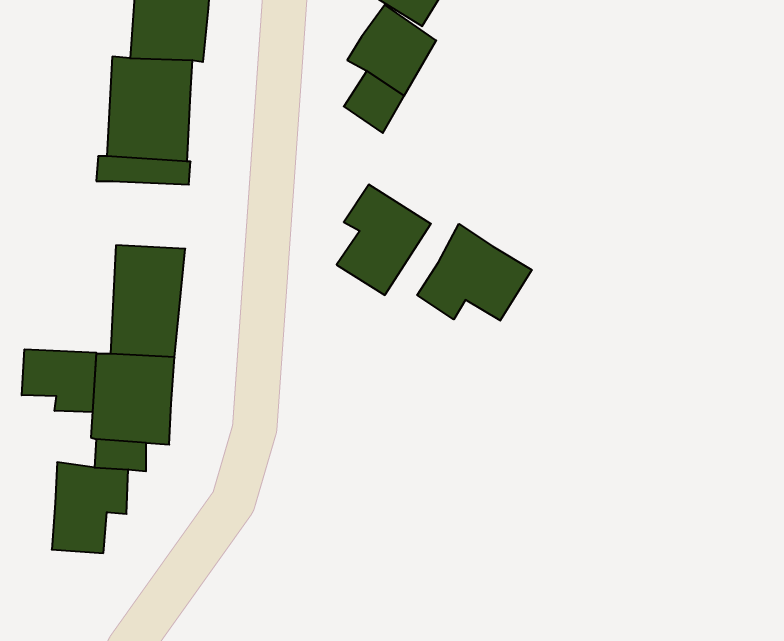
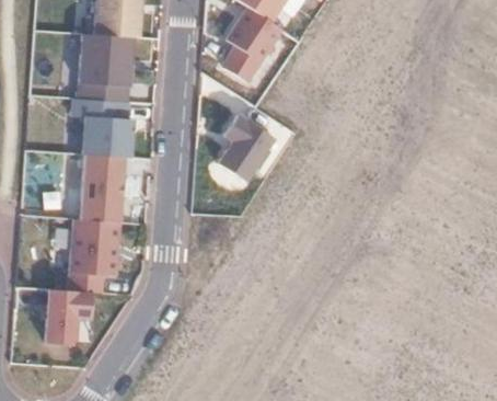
building: none -> [80,114,131,156]
building: [417,224,532,321] -> none
building: [22,349,96,412] -> none

